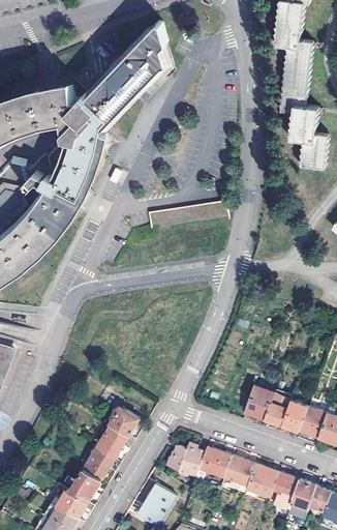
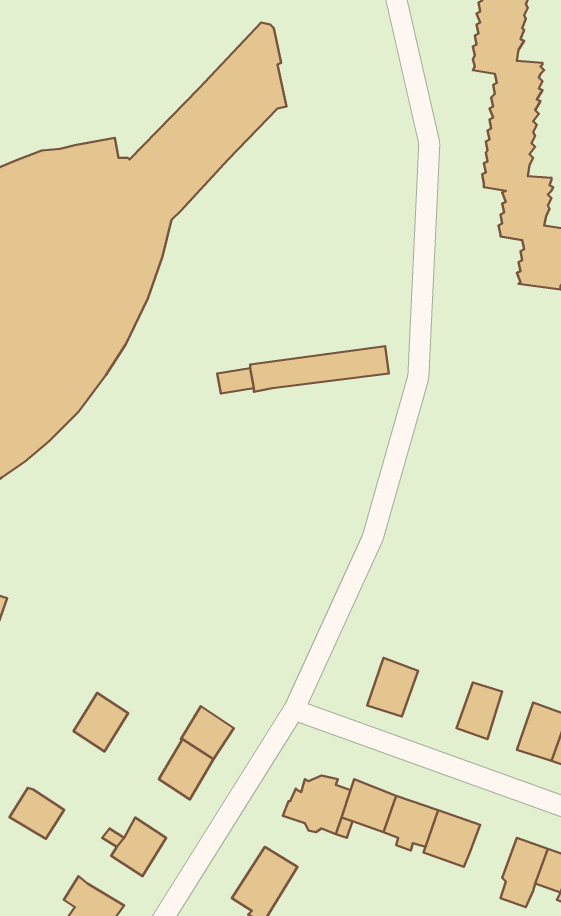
building: [245,386,274,419] -> [367,658,418,716]
building: [282,399,308,432] -> none
building: [83,448,114,481] -> [73,693,128,751]
building: [272,474,299,510] -> none
building: [56,491,87,520] -> [9,788,64,839]

